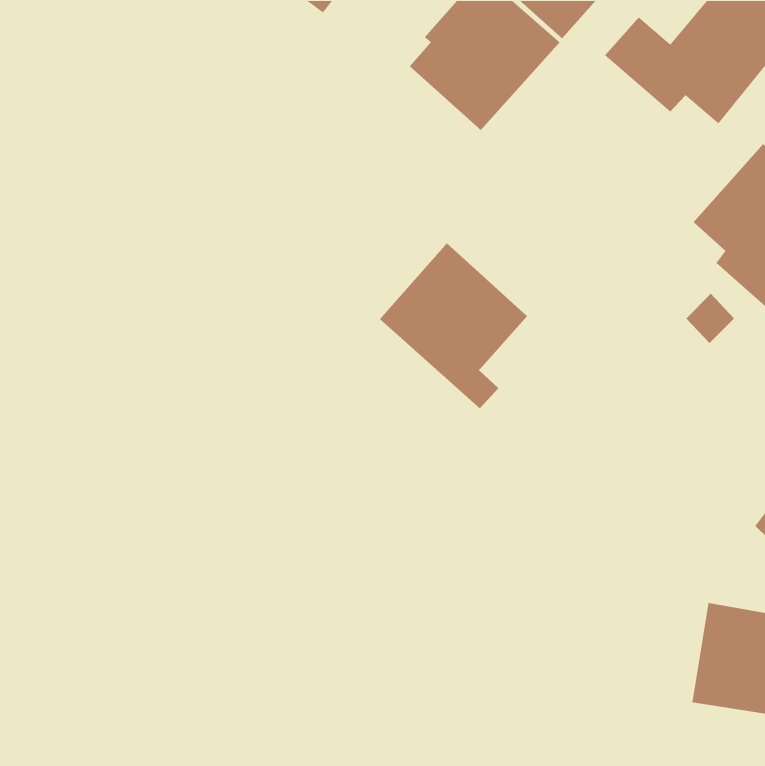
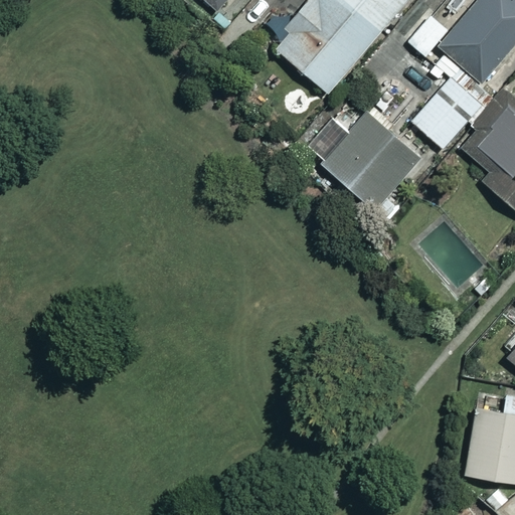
building: none -> [411,93,468,148]
building: [379,243,528,409] -> [320,109,419,220]

